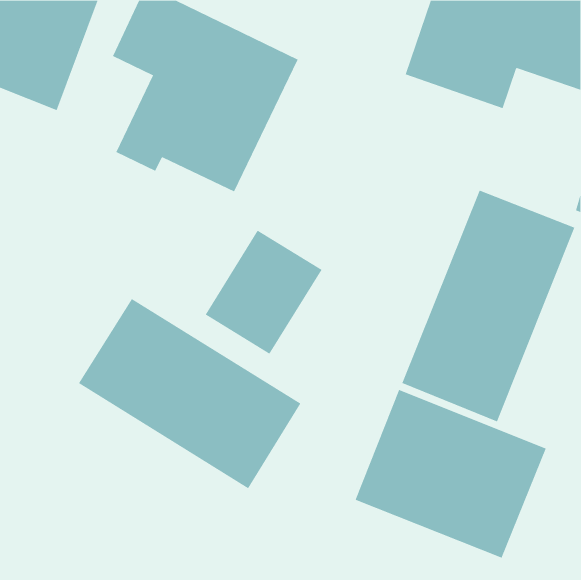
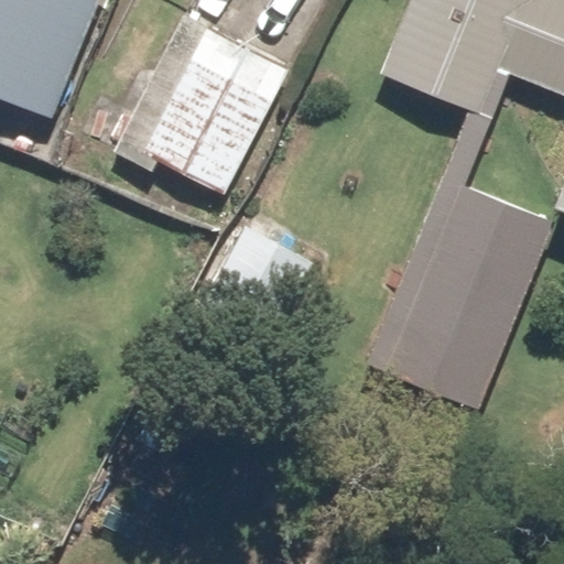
building: [78,298,301,489] -> none
building: [355,389,546,559] -> none

